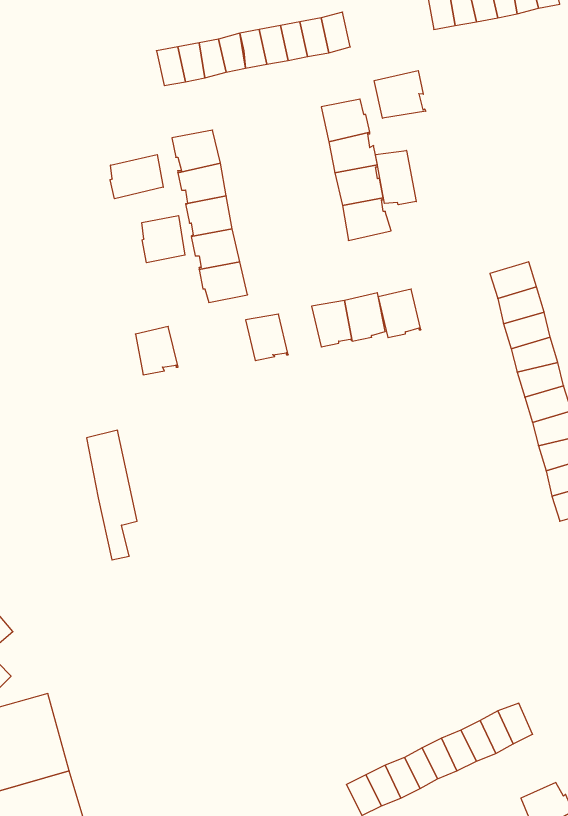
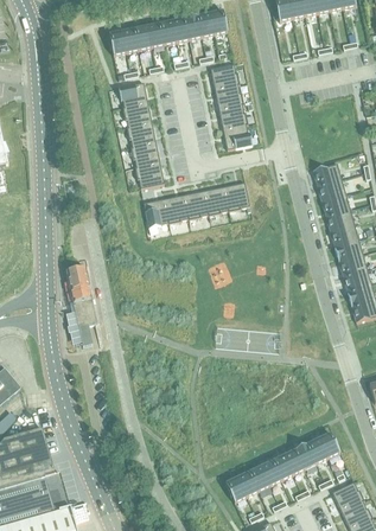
building: [374,71,426,118] -> none
building: [376,150,416,205] -> none
building: [110,155,163,199] -> none
building: [142,216,185,263] -> none
building: [378,289,421,338] -> [184,190,210,219]
building: [135,326,178,375] -> [144,198,170,228]

